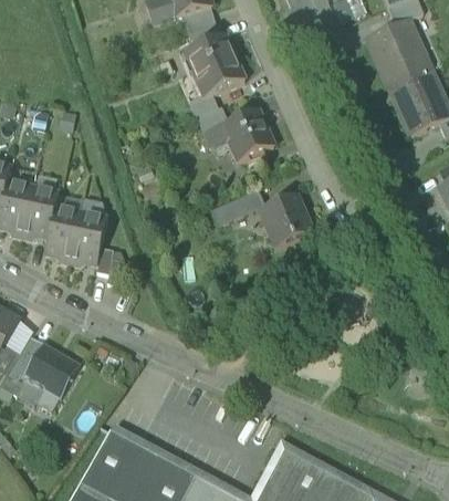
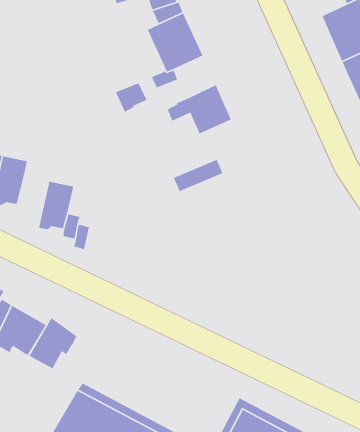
building: [195,105,229,137] -> [115,82,148,113]
building: [260,196,312,250] -> none
building: [44,207,81,262] -> none
building: none -> [28,317,78,369]

